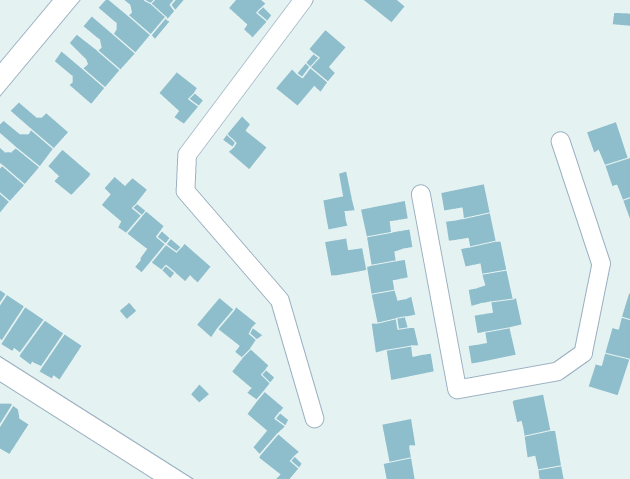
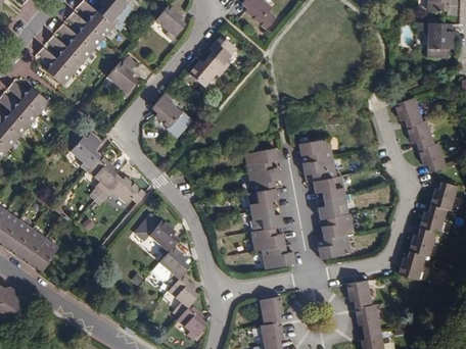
building: [47,149,91,196] -> none
building: [323,171,355,230] -> none
building: [324,238,367,276] -> none

